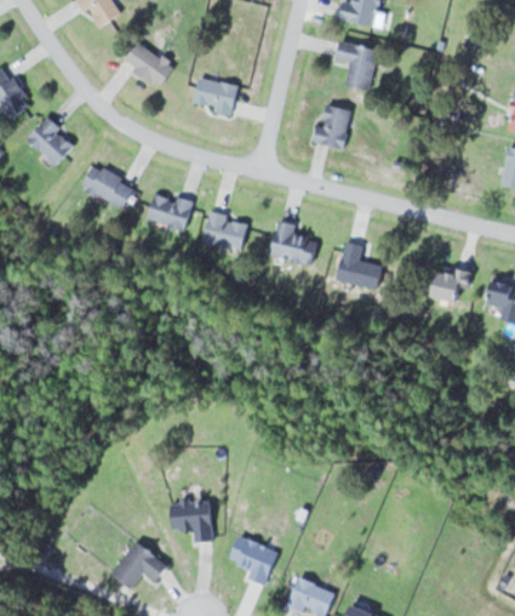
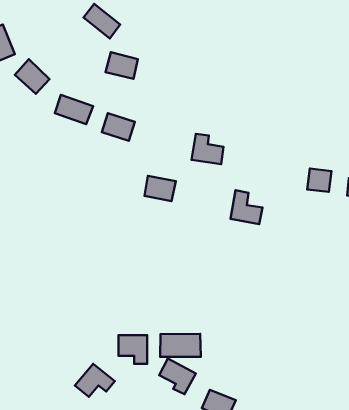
building: [334,41,376,90] -> none
building: [191,76,236,114] -> [106,52,138,79]
building: [313,104,350,149] -> none
building: [205,213,248,249] -> [144,176,176,201]
building: [337,241,382,289] -> [230,190,263,224]
building: none -> [160,334,201,357]

